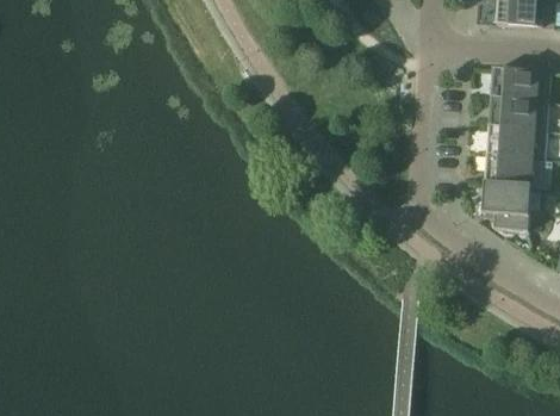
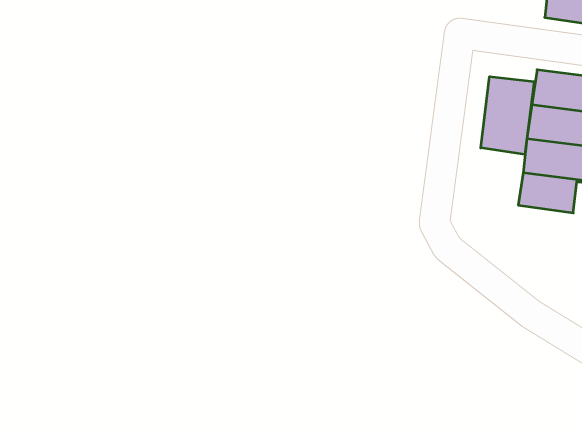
building: none -> [481,77,534,154]
building: [485,181,534,229] -> none

